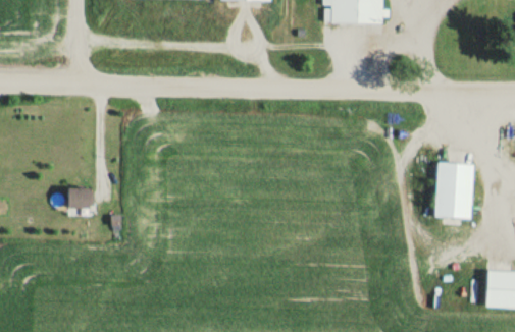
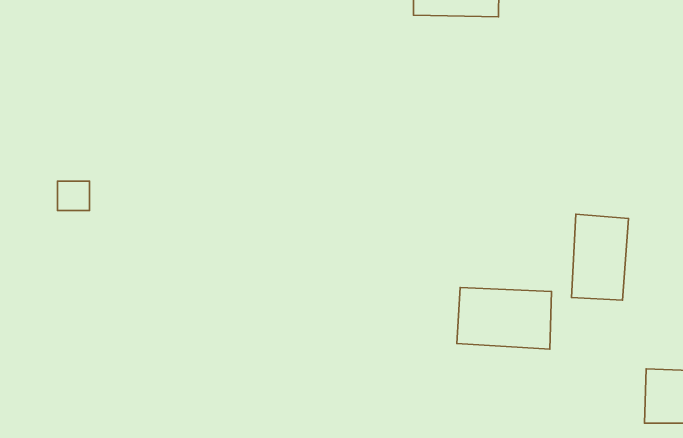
building: [67,187,90,208] -> [57,181,90,210]
building: none -> [457,287,552,349]

